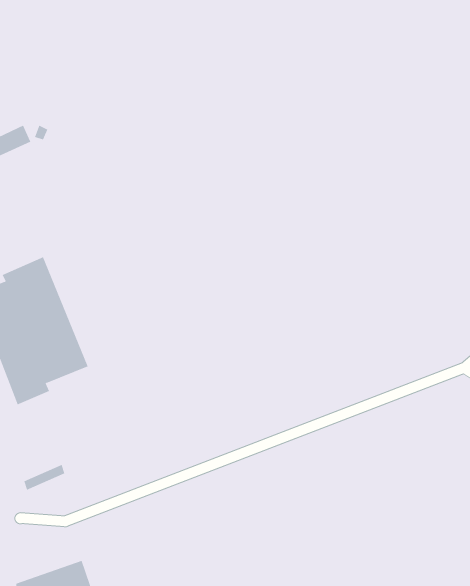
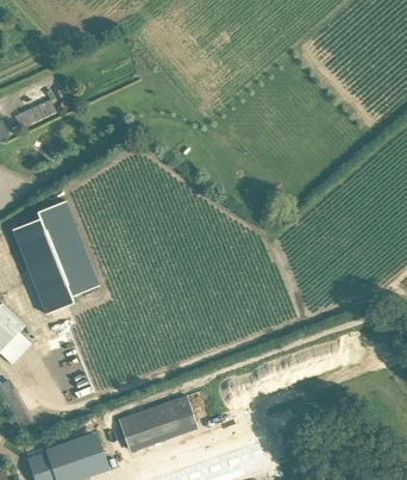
building: none -> [118,395,195,447]

